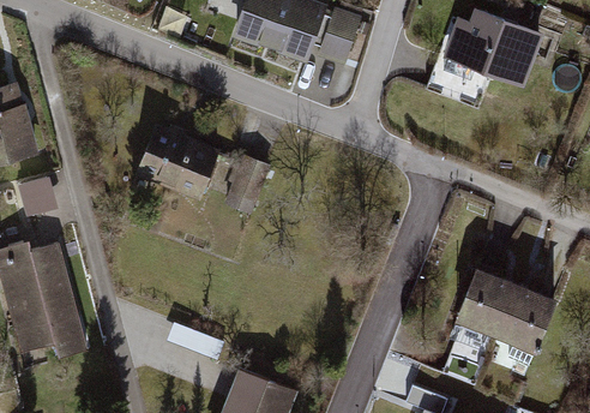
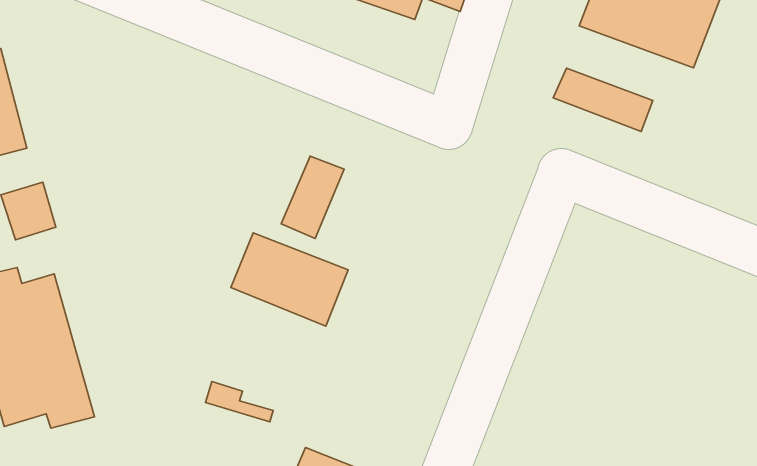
building: none -> [553,68,653,132]
building: [139,127,227,197] -> [231,233,348,326]
building: [446,259,547,346] -> none

